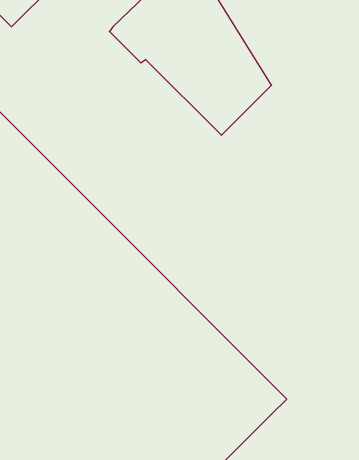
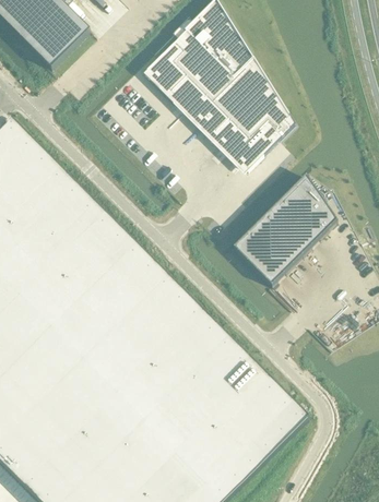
building: none -> [233,174,335,285]

